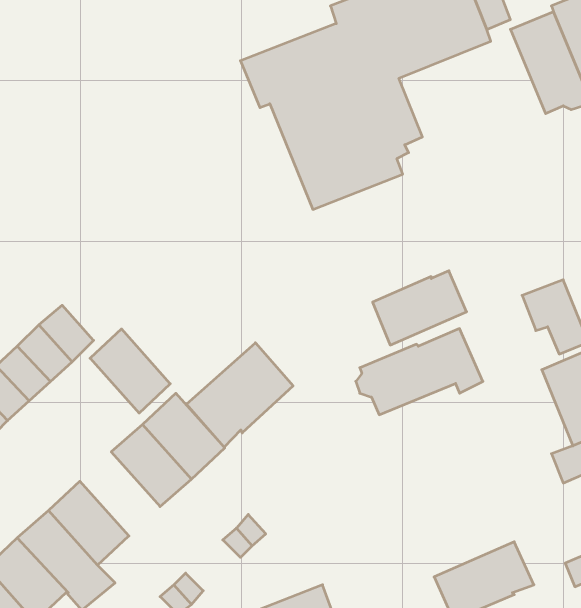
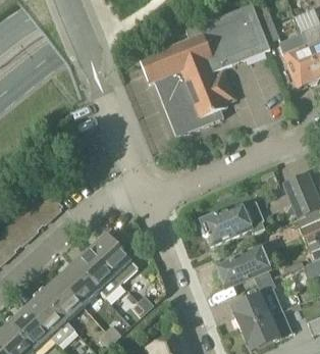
building: [373,271,467,345] -> [217,248,266,287]
building: [90,329,170,413] -> [56,263,98,307]
building: [186,343,293,447] -> none
building: none -> [231,288,282,328]

